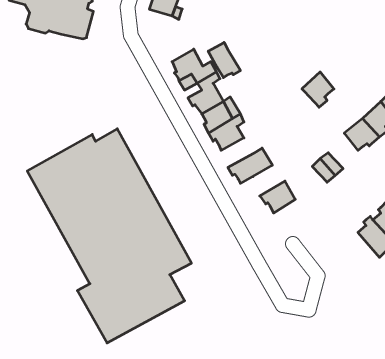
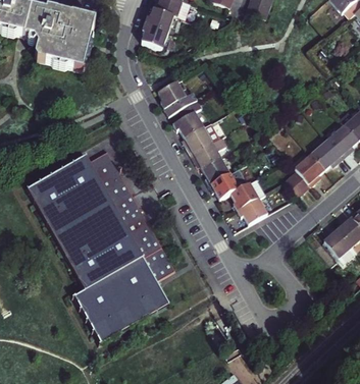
building: [208,42,240,78] -> none
building: [302,72,334,107] -> [297,154,325,185]
building: none -> [203,158,232,184]
building: none -> [232,178,266,210]

